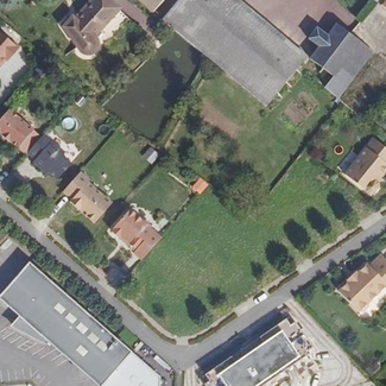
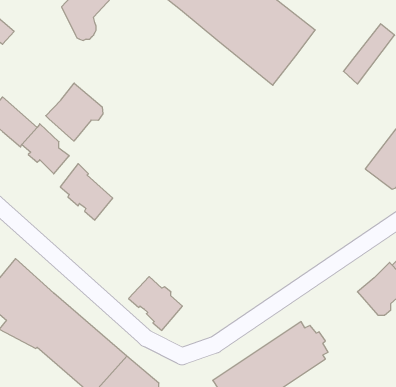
building: [314,25,361,74] -> none
building: none -> [46,83,103,141]
building: [112,208,162,258] -> [129,277,182,330]

